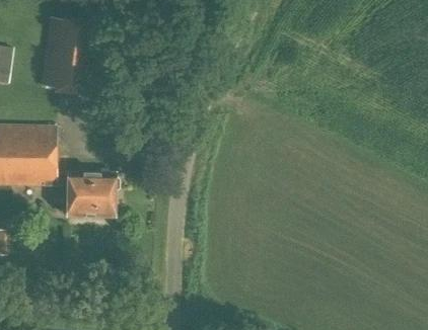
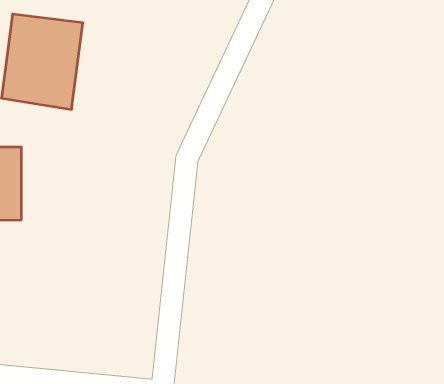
building: [57,173,120,213] -> none

